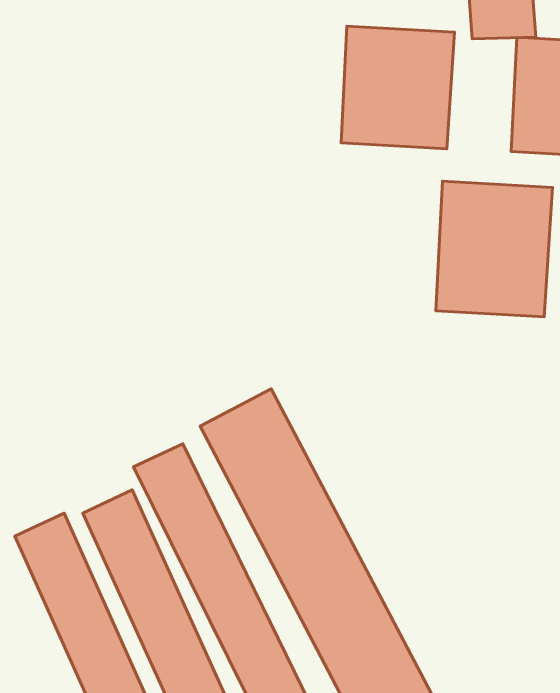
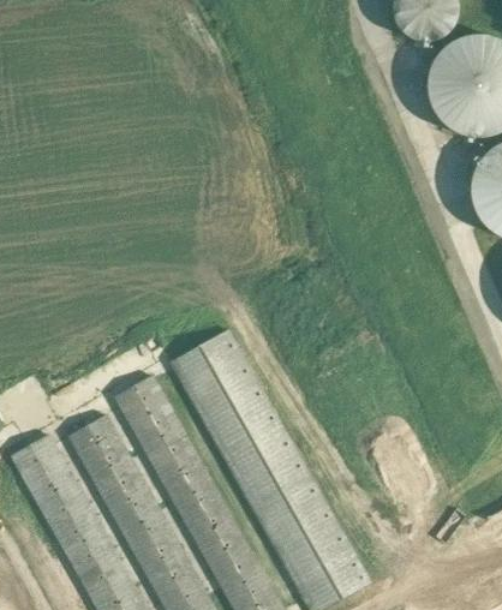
building: [341,26,454,149] -> none
building: [436,181,552,317] -> none

